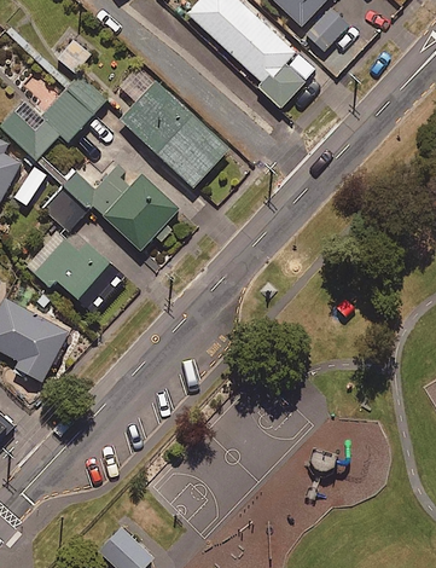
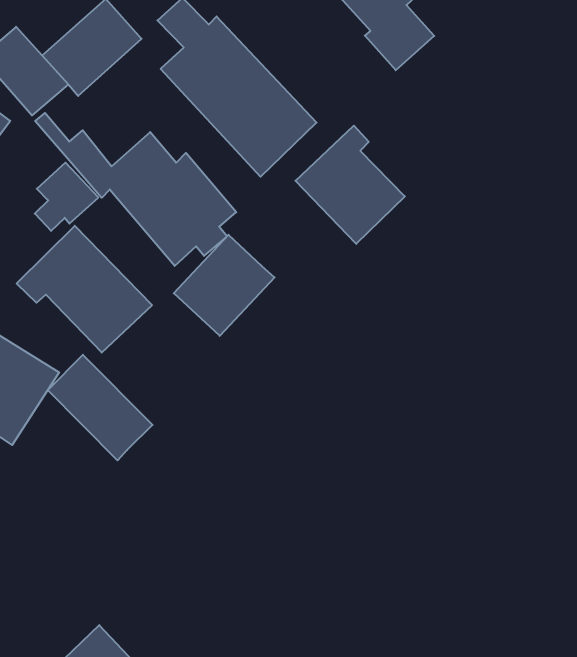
building: none -> [295,126,405,244]
building: none -> [174,235,275,336]
building: none -> [48,355,153,460]

